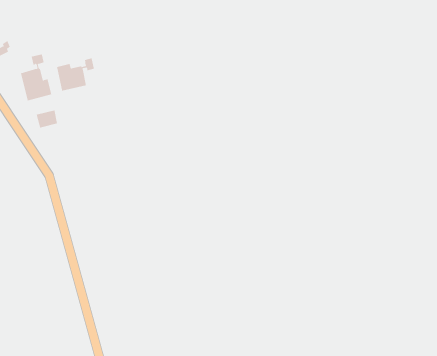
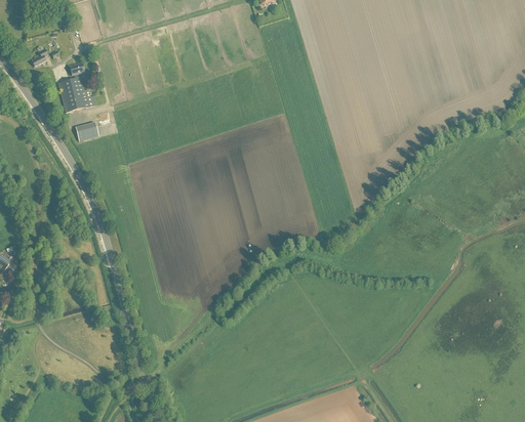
building: [56,58,95,92] -> none

